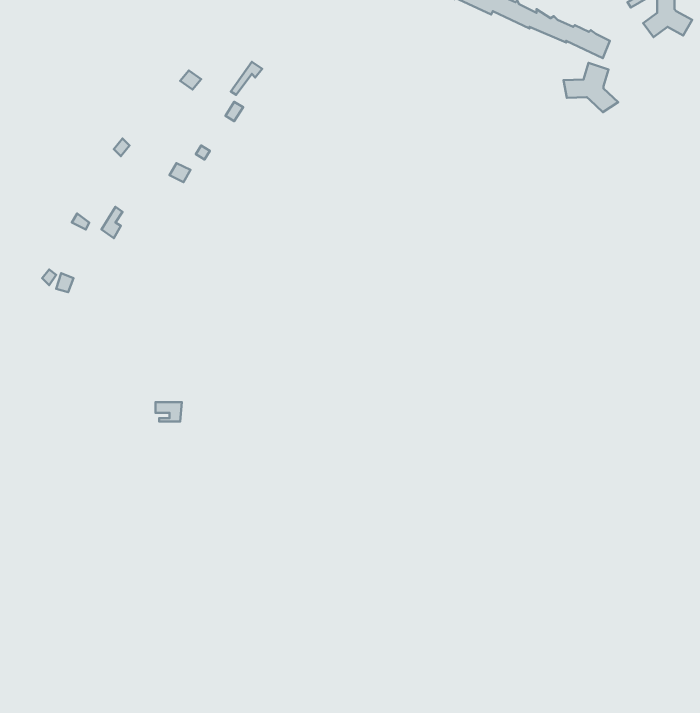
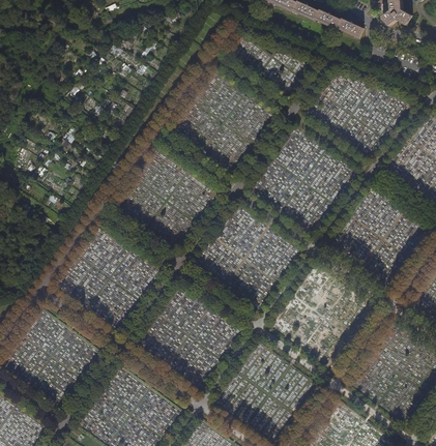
building: [564,63,618,112] -> none

